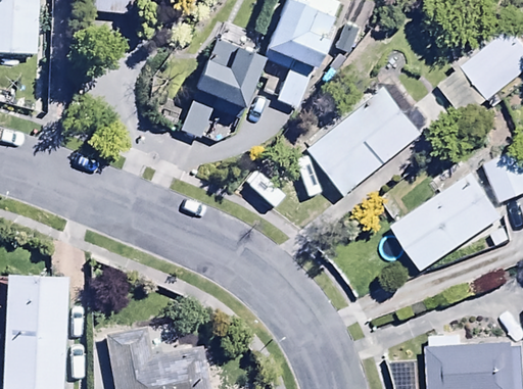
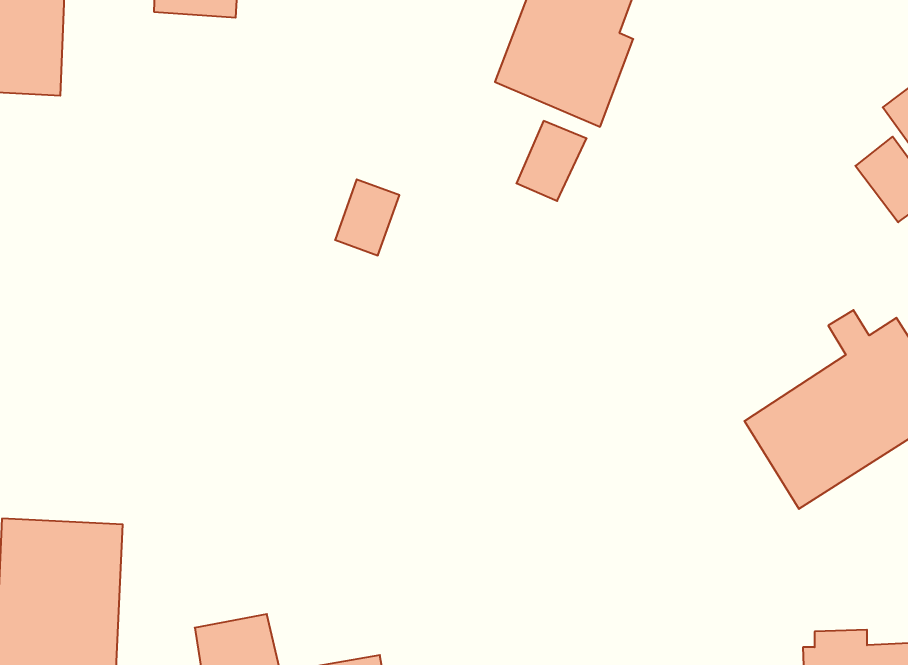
building: [196,42,266,110] -> none
building: [314,86,441,205] -> none

